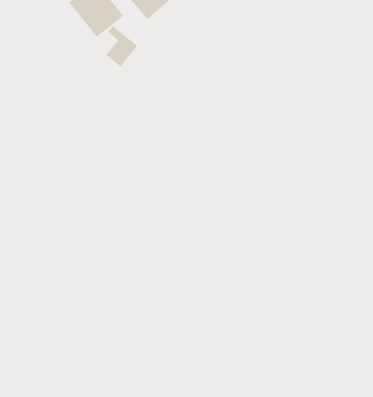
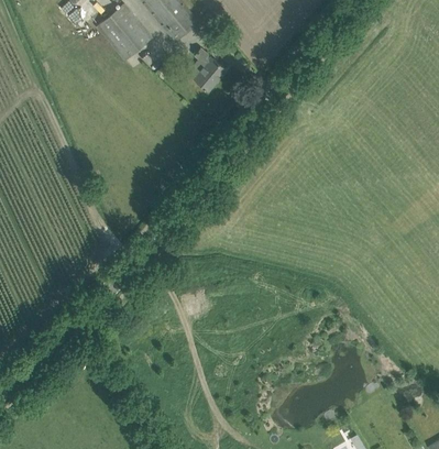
building: [105,25,138,68] -> [193,50,226,92]

